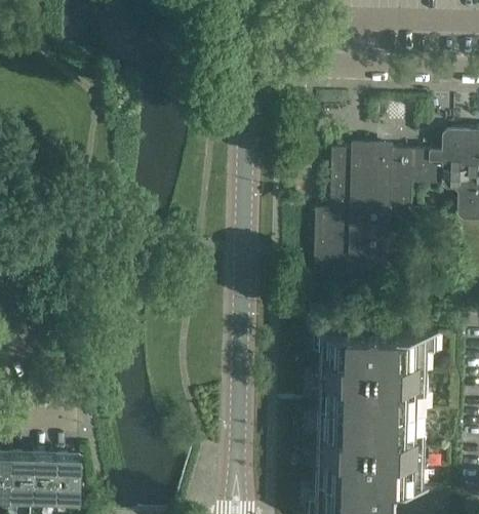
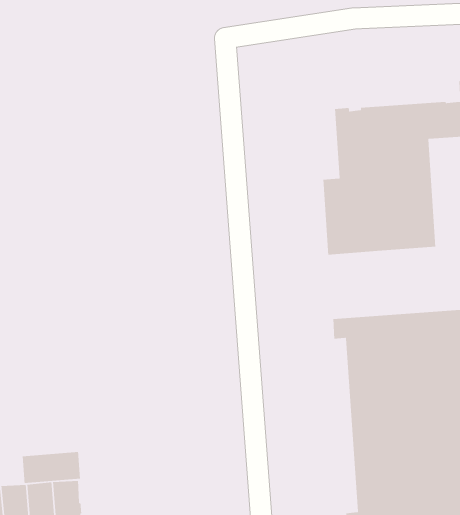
building: none -> [22,451,81,484]

